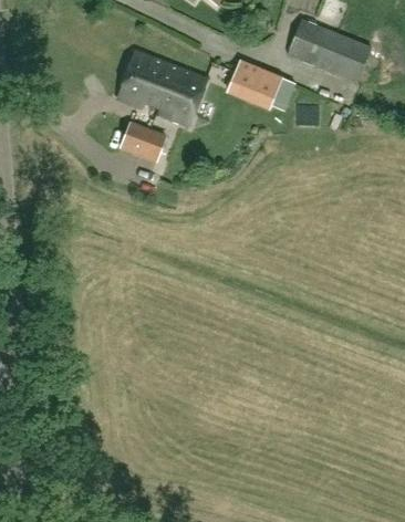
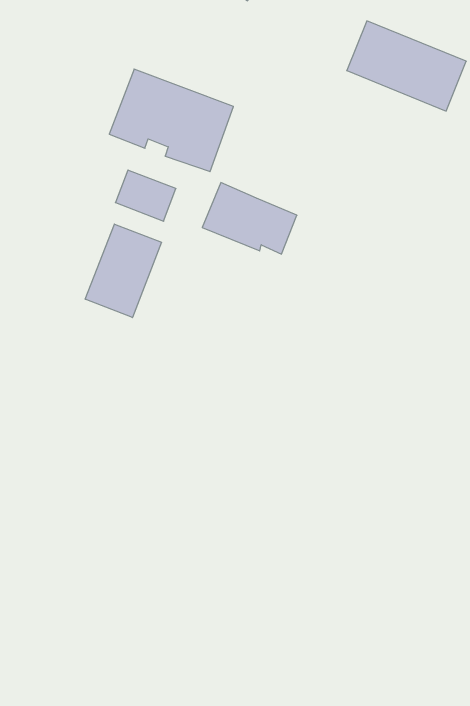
building: [227,60,294,111] -> [202,183,297,254]
building: none -> [85,224,162,318]

